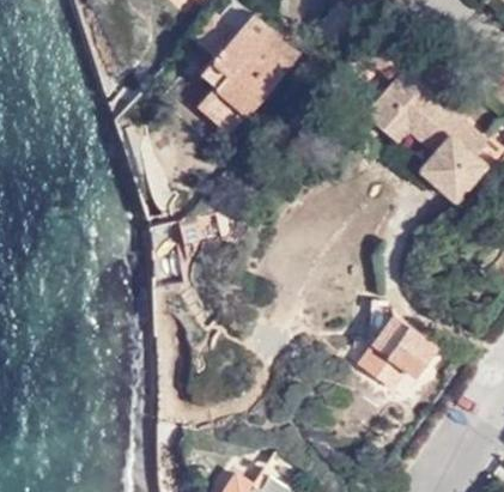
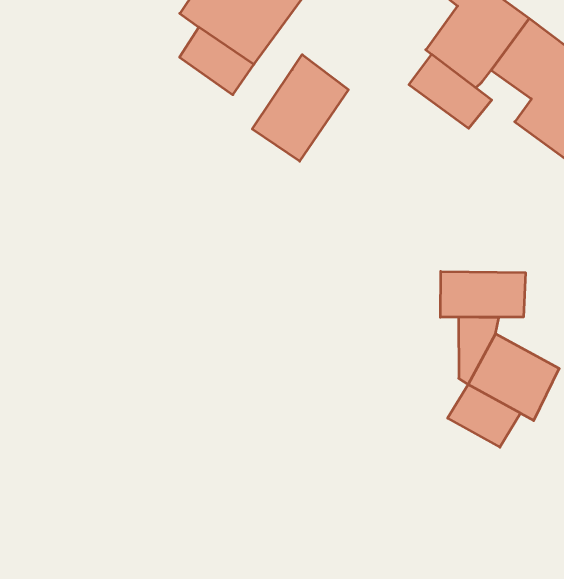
building: none -> [252,55,348,161]
building: none -> [409,54,492,128]
building: none -> [440,271,525,317]

